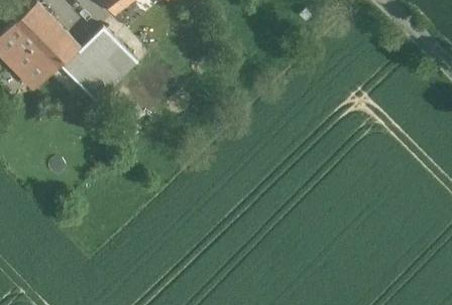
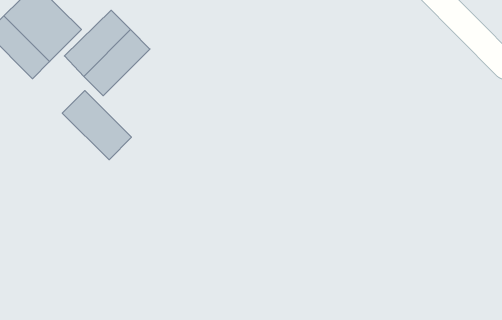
building: none -> [62,91,131,160]

